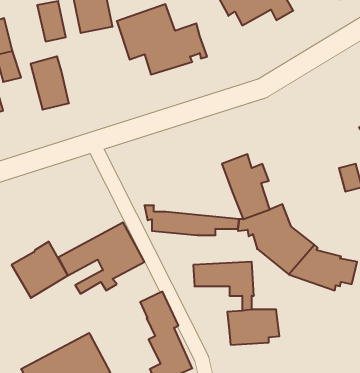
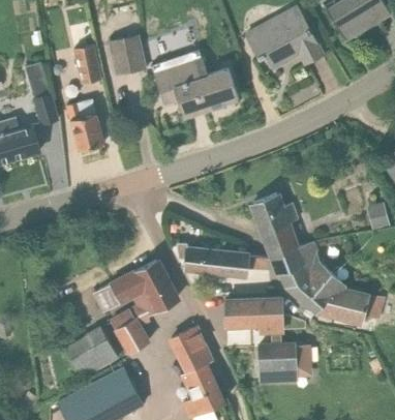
building: [12,242,68,298] -> [63,325,118,380]
building: none -> [114,318,149,354]

